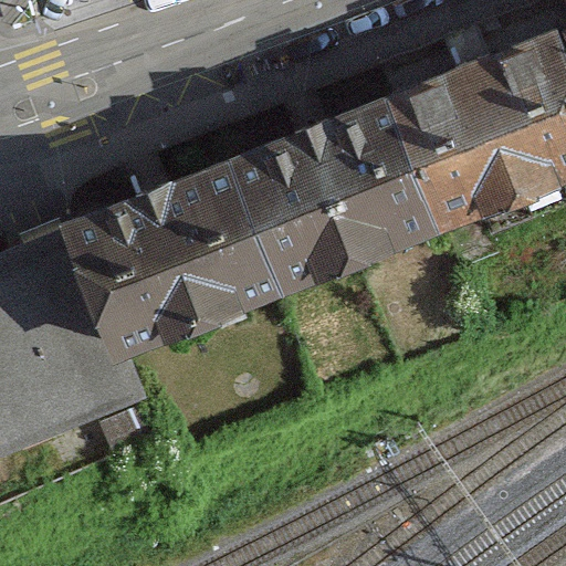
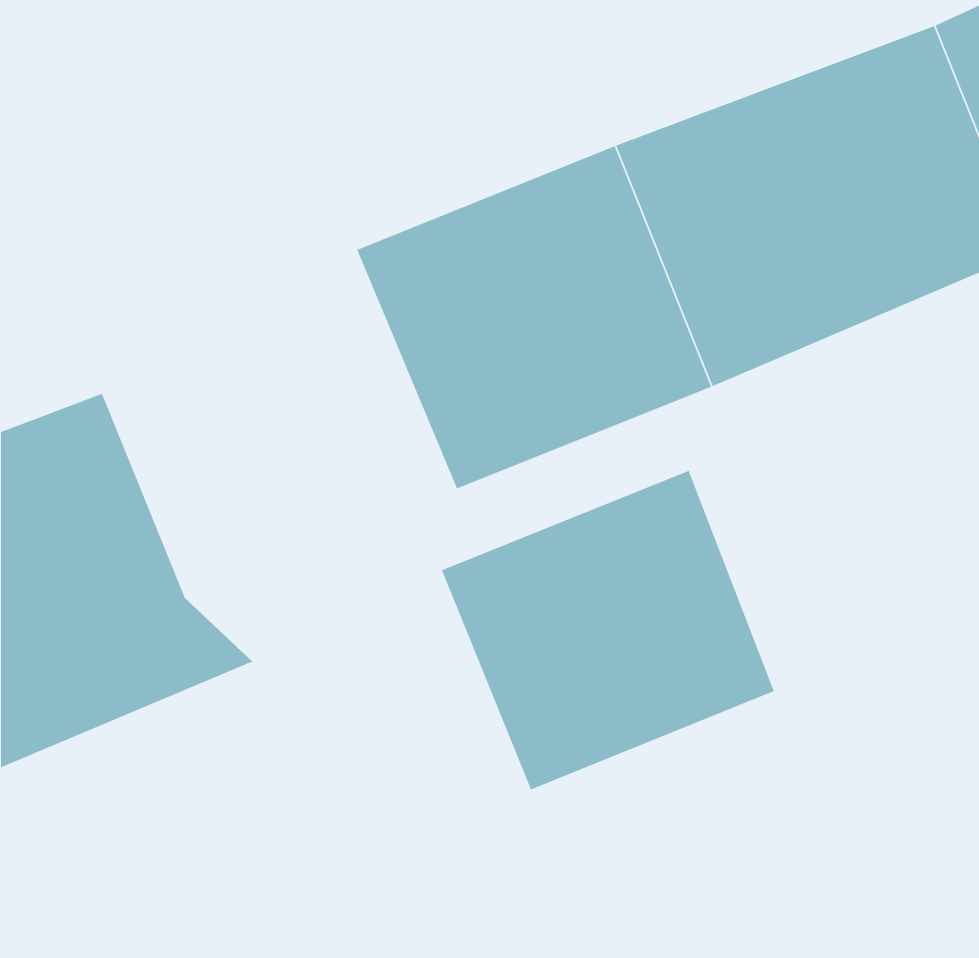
building: [56,160,266,359] -> none
building: none -> [441,470,775,790]

